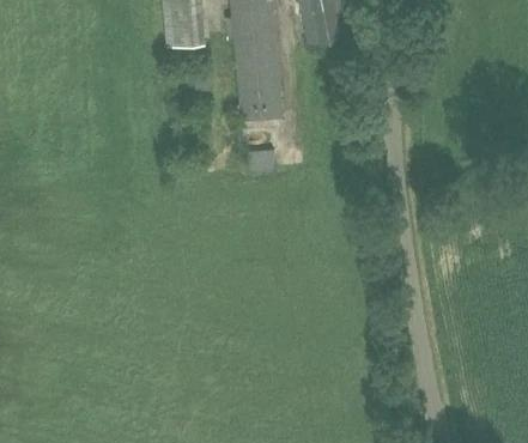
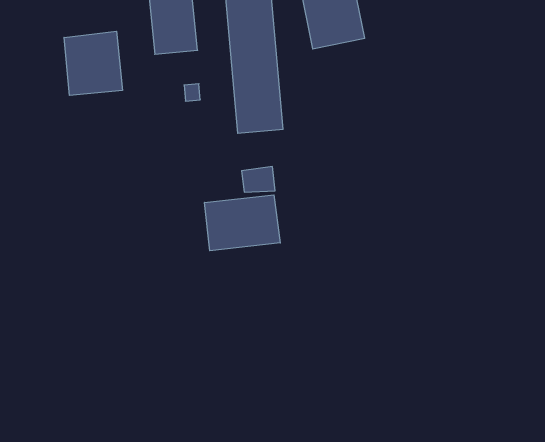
building: none -> [64,31,122,95]
building: none -> [205,195,280,251]

